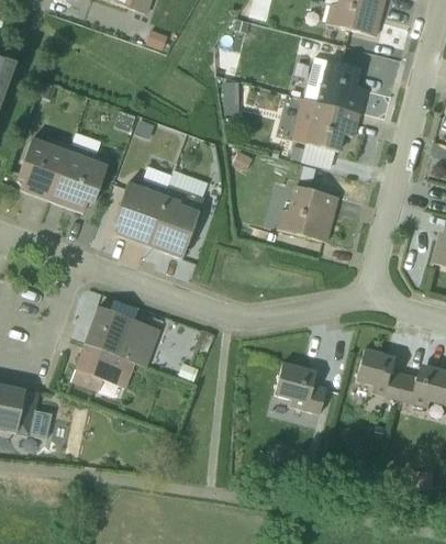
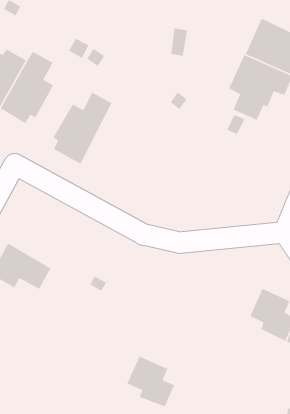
building: [147,169,207,258] -> none
building: [277,184,337,241] -> none
building: [82,306,159,367] -> none
building: [274,360,326,412] -> [126,355,175,408]

